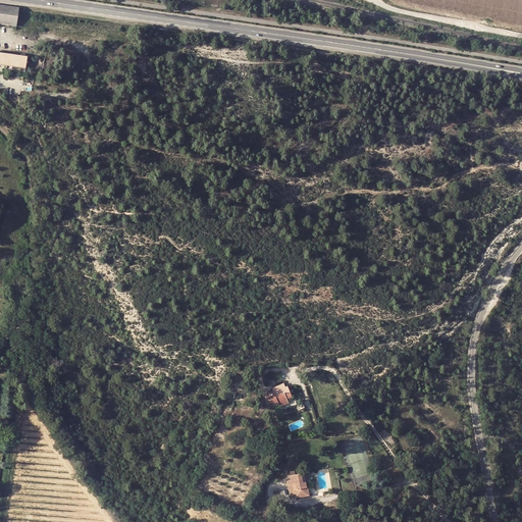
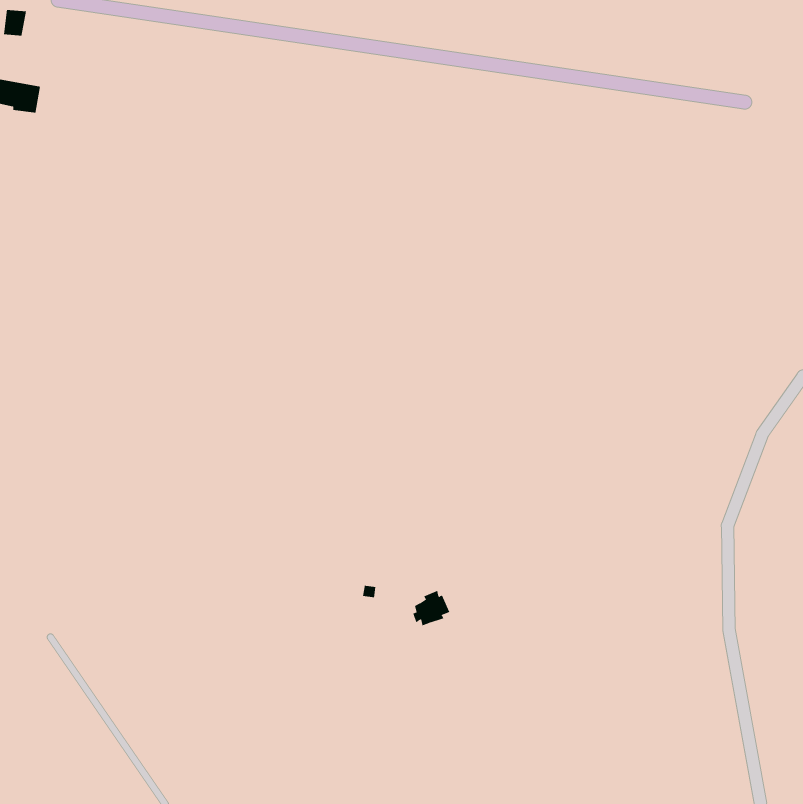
building: [286,470,309,498] -> none

